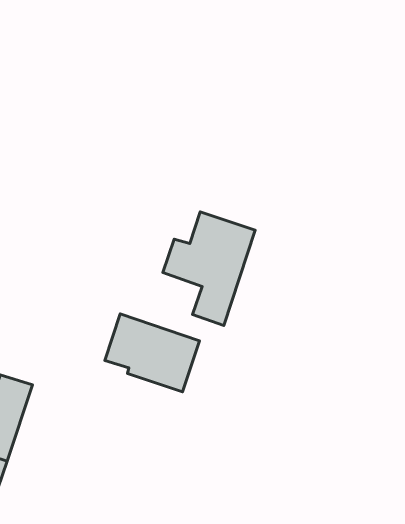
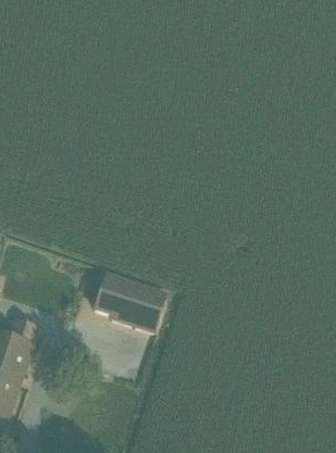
building: [163,212,255,326] -> none

